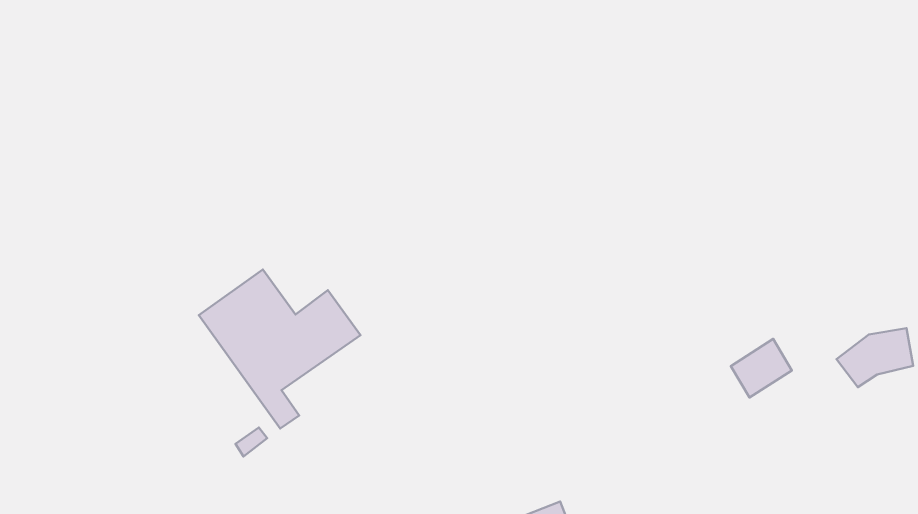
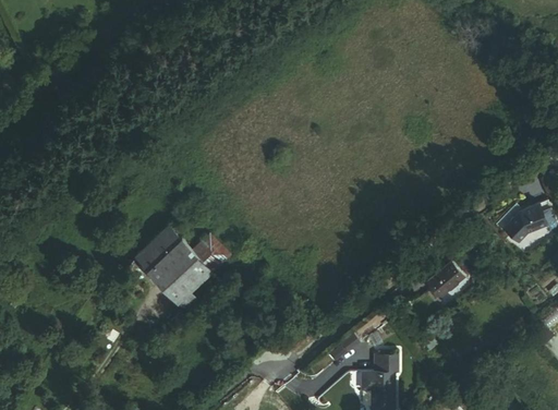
building: [731,339,792,398] -> [424,263,459,298]

